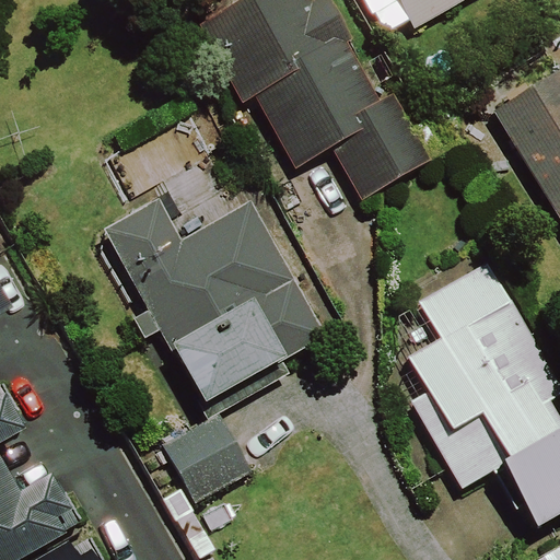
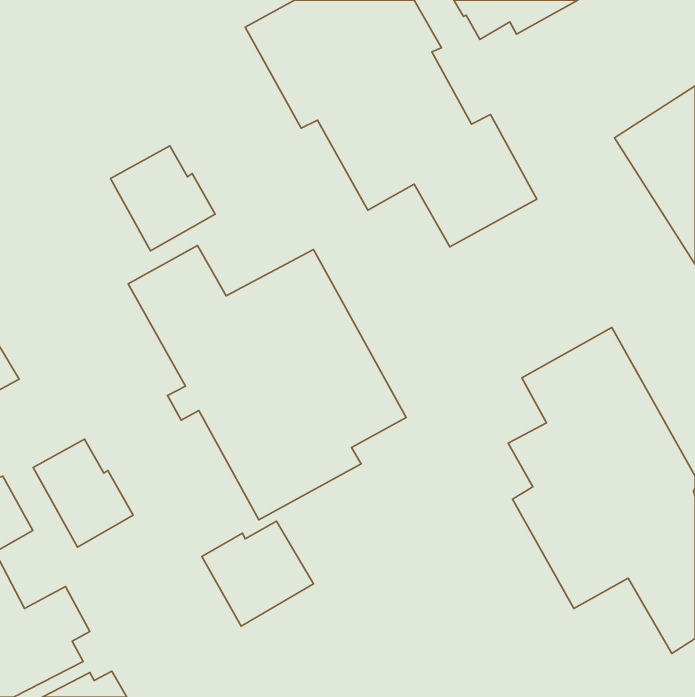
building: none -> [111,146,215,251]
building: none -> [33,439,133,547]

